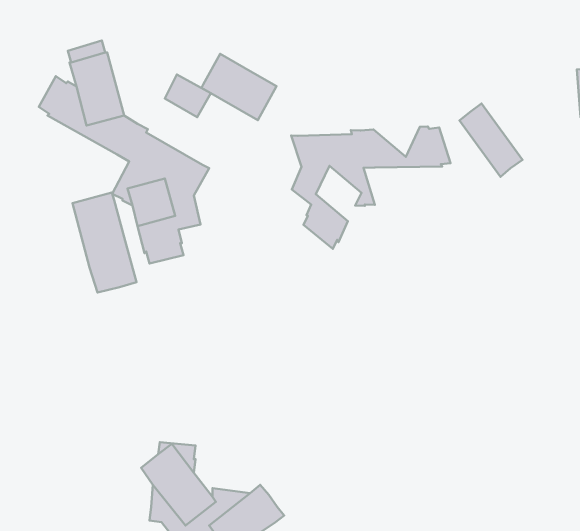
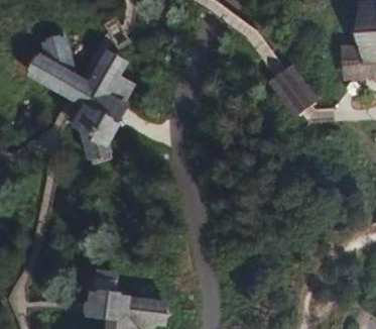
building: [202,54,276,120] -> [90,66,134,105]
building: [291,126,451,249] -> none
building: [72,193,137,293] -> none

